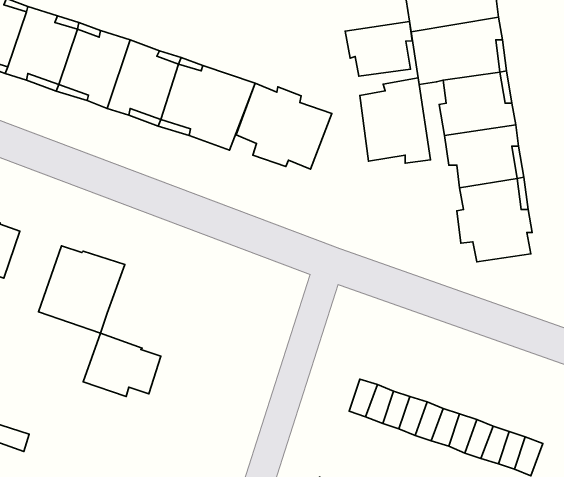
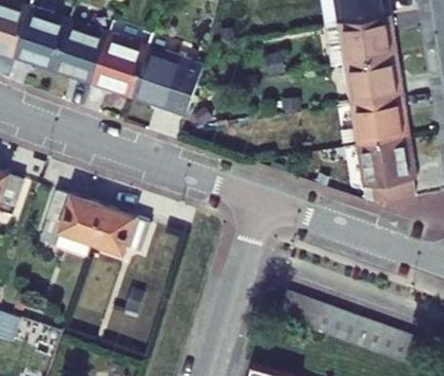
building: [345,22,412,76] -> none
building: [360,78,430,163] -> none
building: [236,83,332,169] -> none
building: [83,333,161,396] -> [90,203,150,252]

